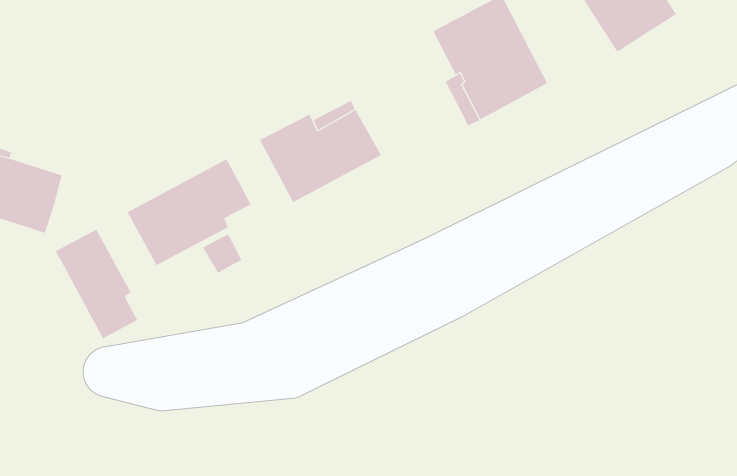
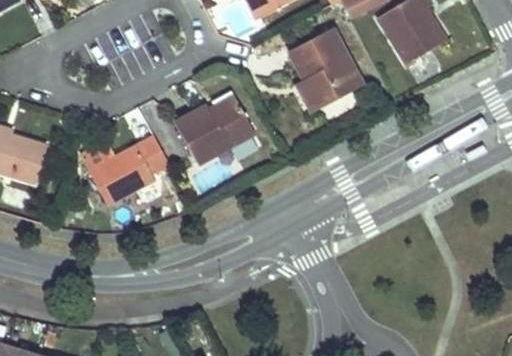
building: [55,229,138,339] -> none

